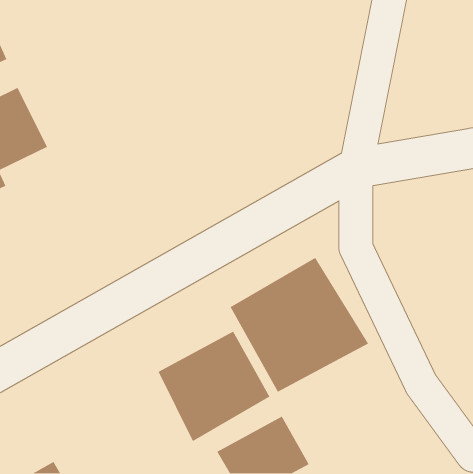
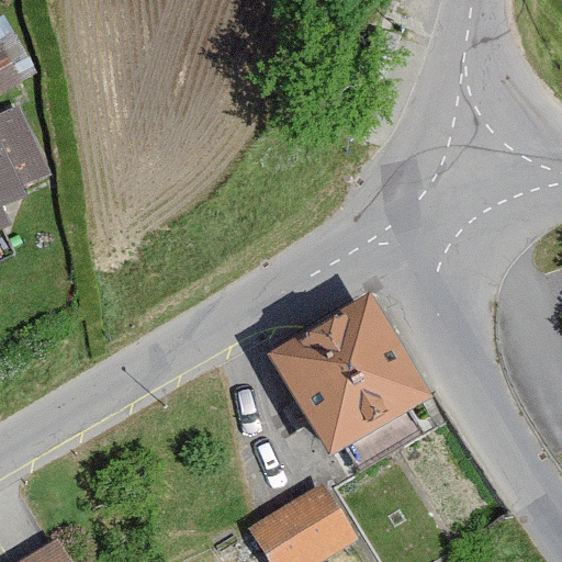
building: [158,331,270,442] -> none

